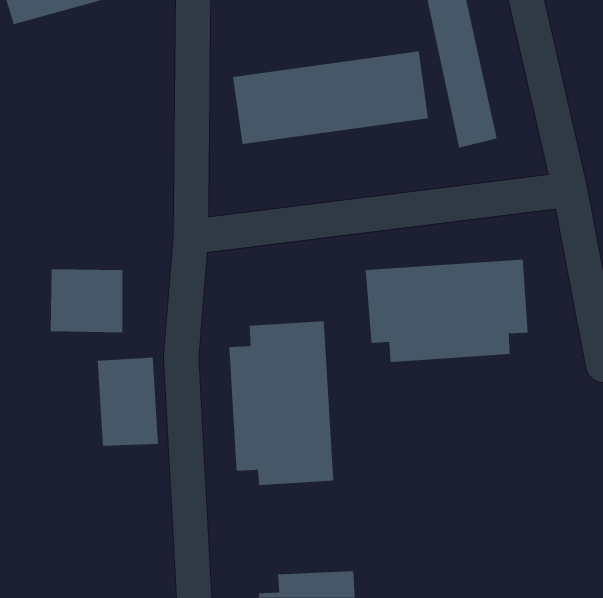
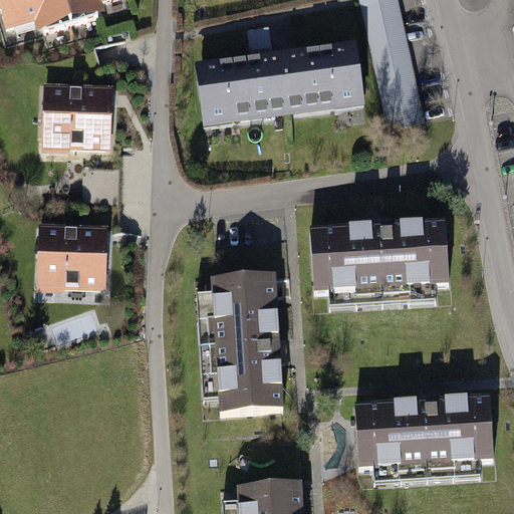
building: none -> [48,87,110,144]
building: [97,357,158,446] -> none
building: none -> [353,389,496,485]

